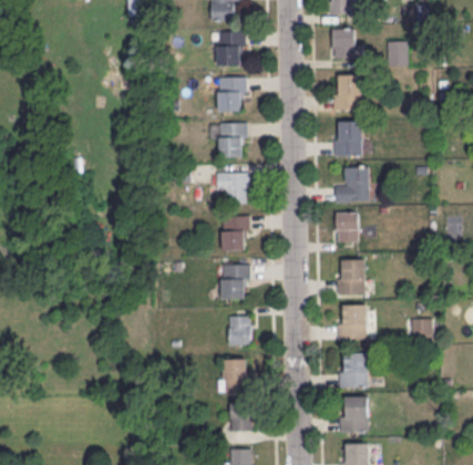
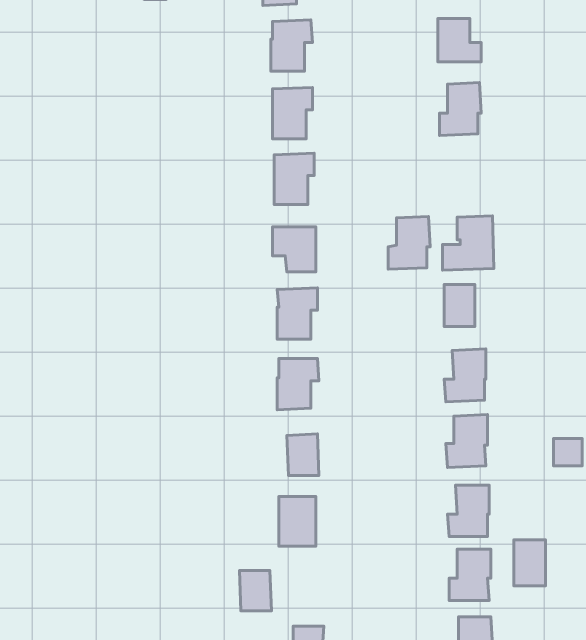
building: [388,42,407,68] -> none
building: [333,120,362,156] -> [388,216,430,269]
building: none -> [514,540,546,586]
building: [229,404,251,432] -> [239,571,271,611]

